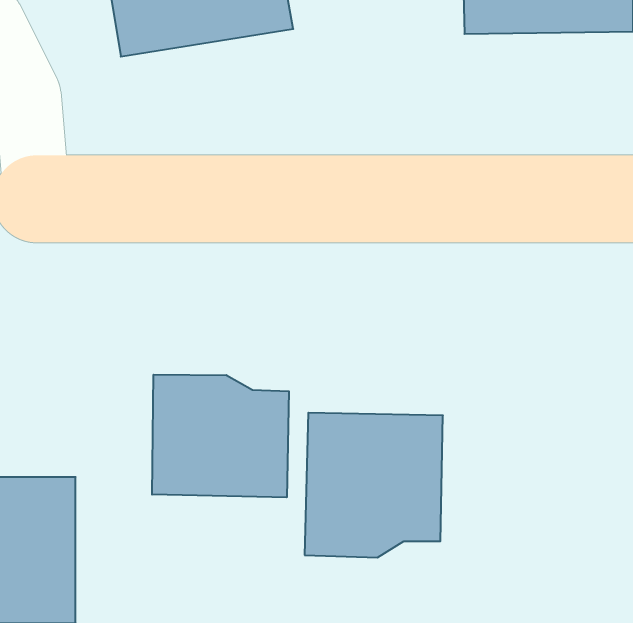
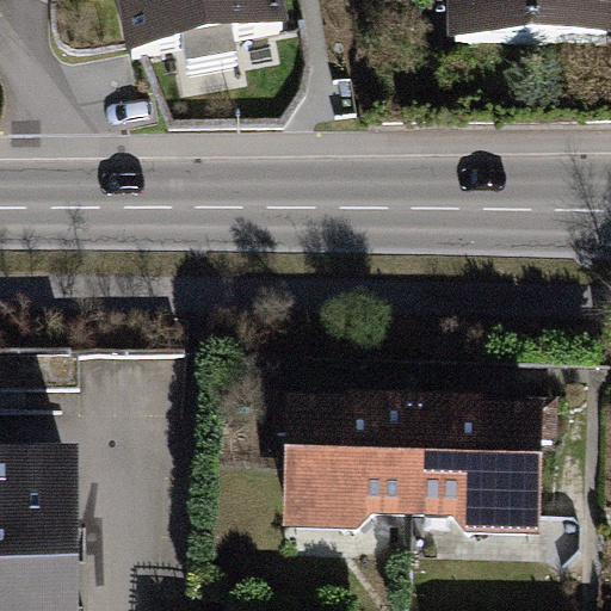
building: [152,375,289,497] -> none
building: none -> [418,394,548,532]

